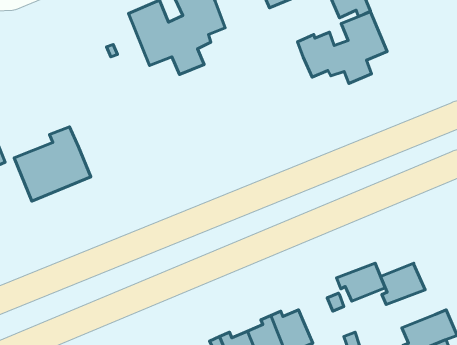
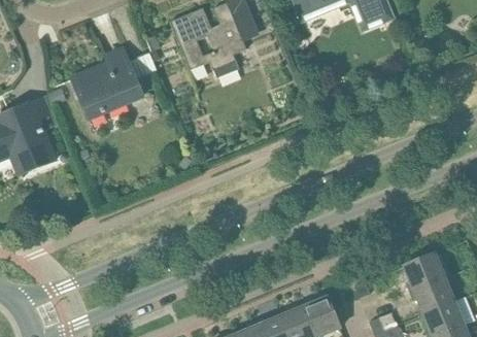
building: [297,12,387,83] -> none
building: [14,127,91,201] -> [72,48,143,117]
building: [336,263,385,301] -> [409,277,454,312]

